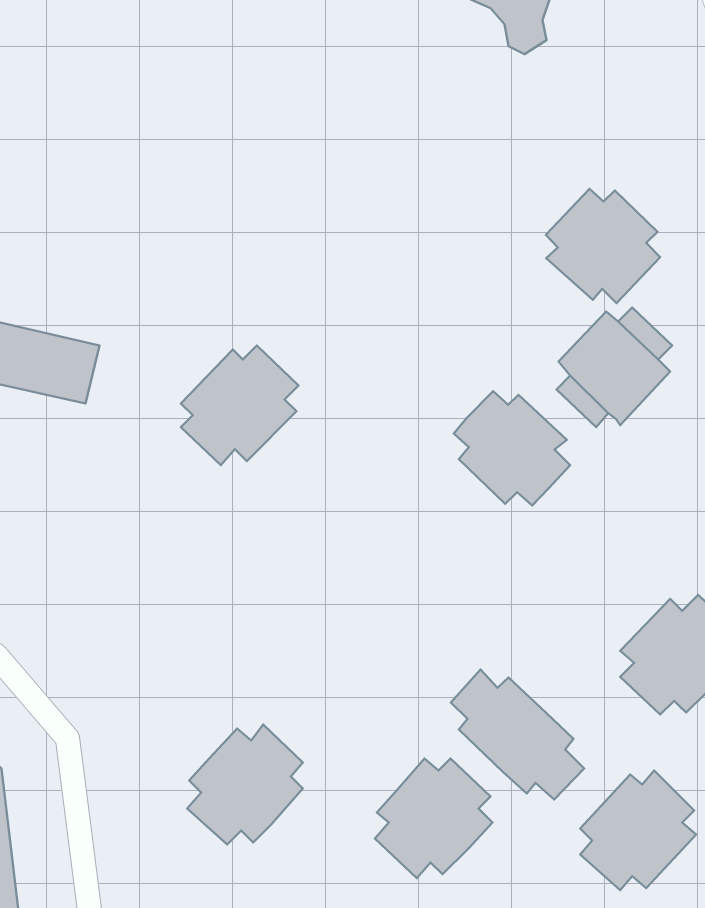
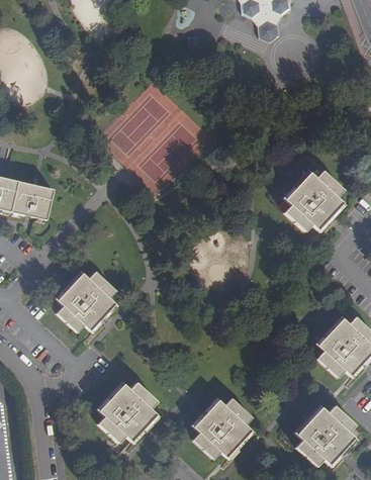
building: [546,189,660,303] -> none
building: [181,345,299,465] -> [56,271,115,331]
building: [454,391,570,506] -> none
building: [451,669,584,799] -> none

